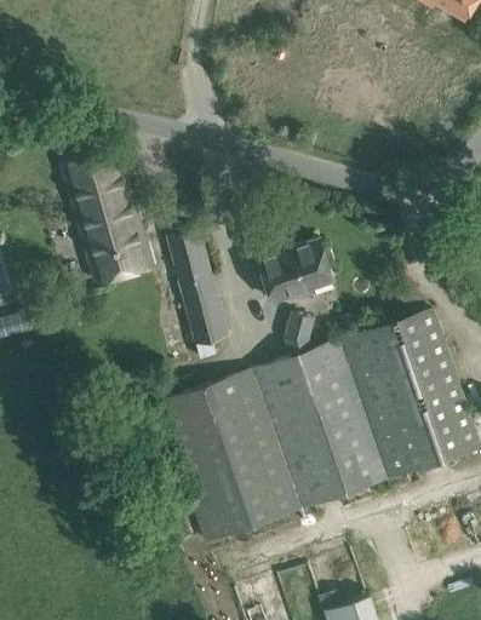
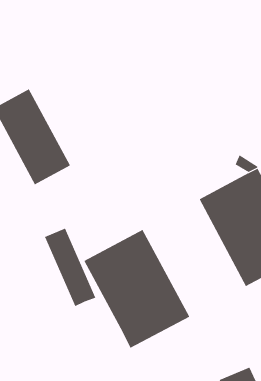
building: [167,229,229,345] -> [44,228,96,307]
building: [258,241,336,304] -> none
building: [251,317,386,509] -> none

